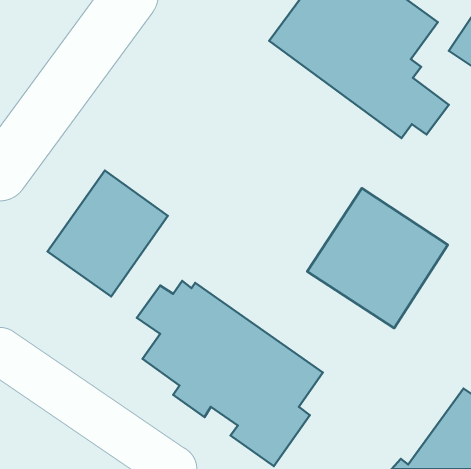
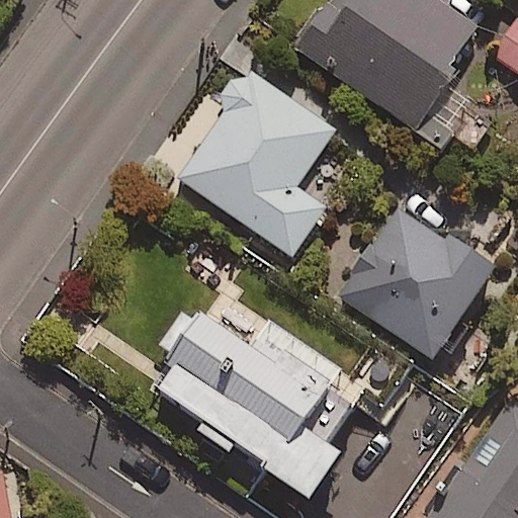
building: none -> [176,72,336,254]
building: [47,170,168,296] -> none

